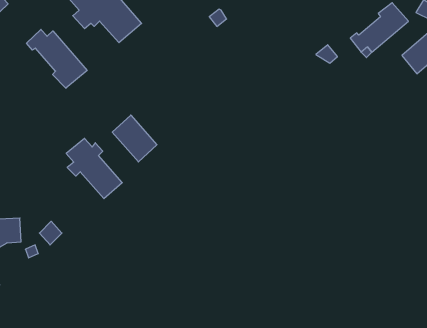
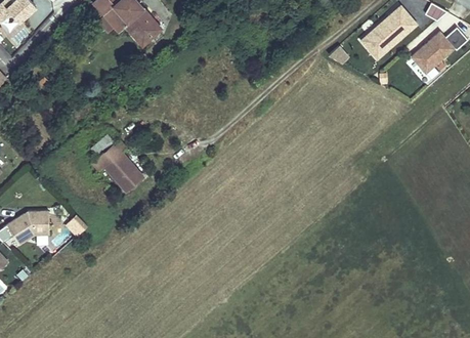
building: [27,29,87,88] -> none
building: [112,115,157,162] -> none

